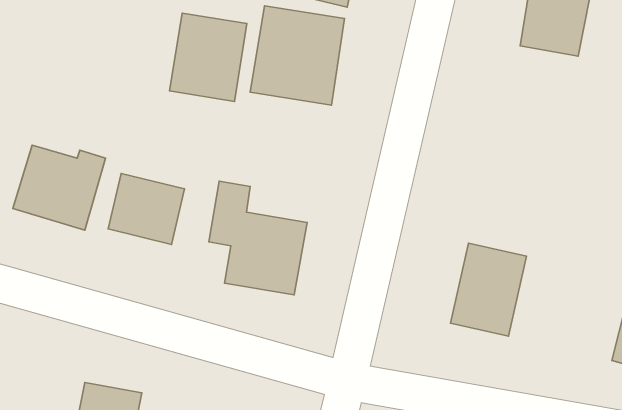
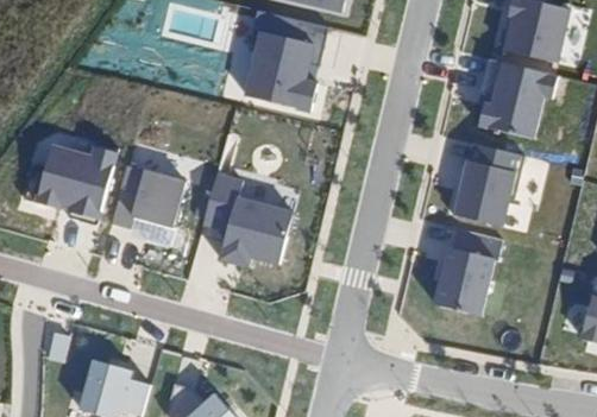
building: [170,13,247,101] -> none
building: none -> [476,57,546,137]
building: none -> [450,139,517,225]

